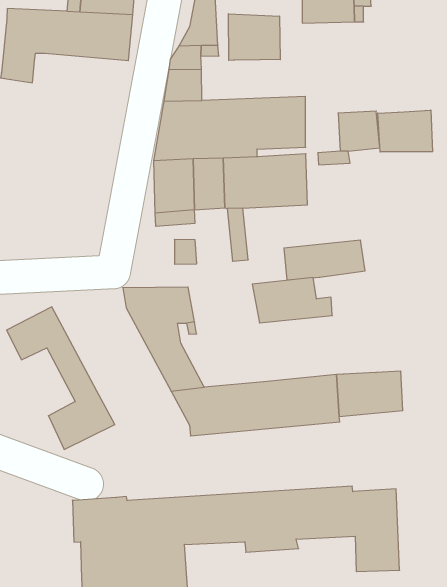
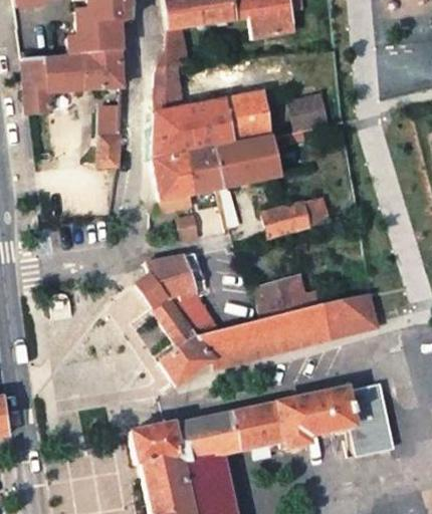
building: [228,14,280,60] -> none
building: none -> [99,103,123,165]
building: [378,110,433,152] -> none
building: [252,278,332,323] -> [254,276,319,317]
building: [7,307,115,449] -> [118,276,212,384]

